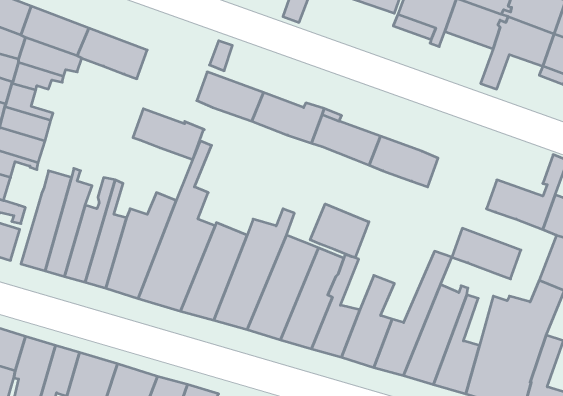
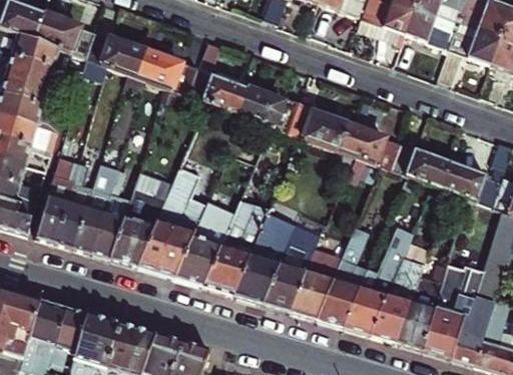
building: [133,109,204,159] -> [136,49,198,93]
building: [310,204,369,257] -> none
building: [452,228,521,279] -> [390,143,450,188]

